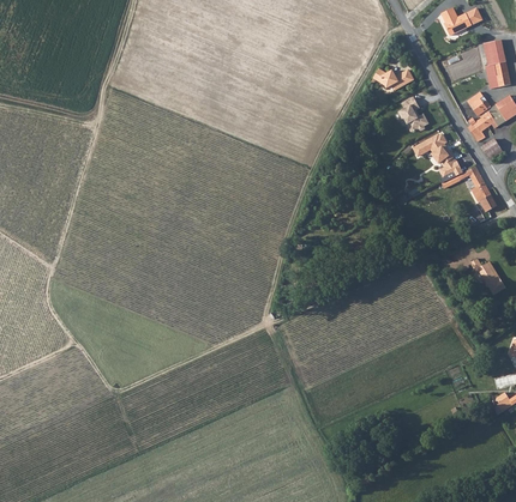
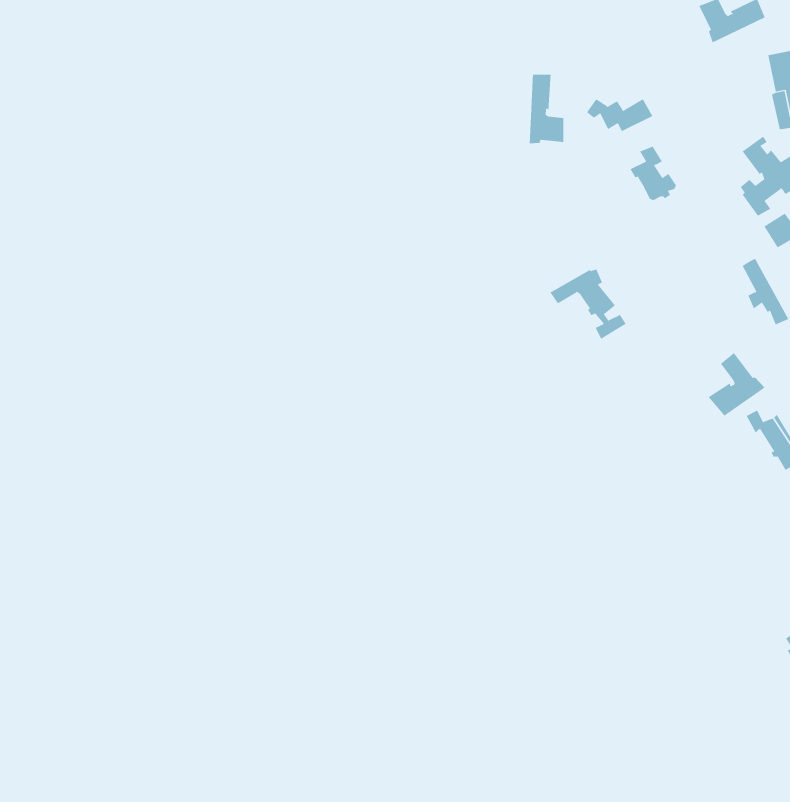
building: none -> [529,74,564,144]
building: [413,134,460,177] -> [550,269,626,340]
building: none -> [708,352,765,416]

